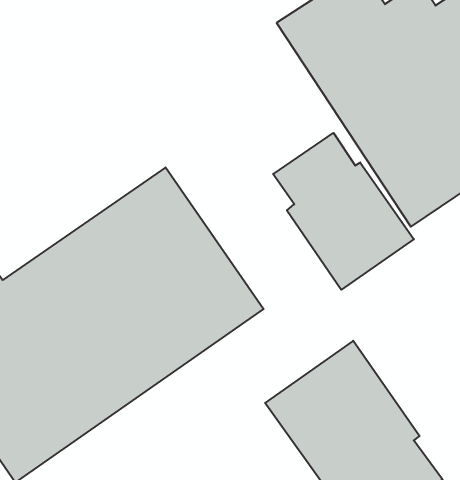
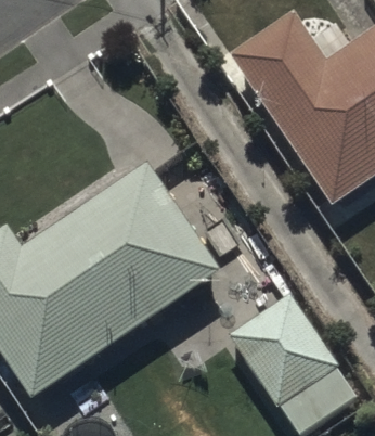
building: [273,133,414,290] -> none

